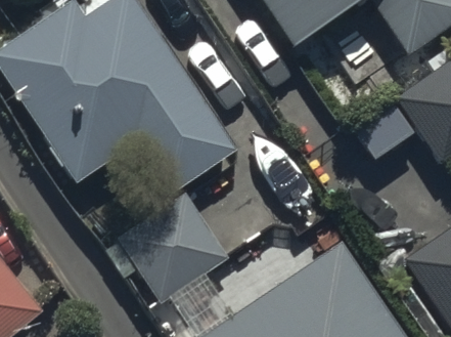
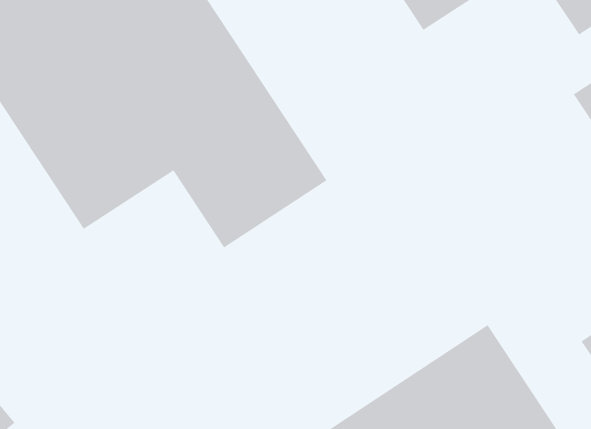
building: [120,194,230,302] -> none

